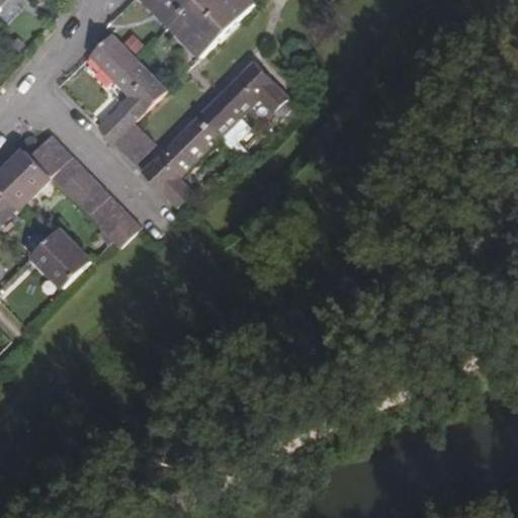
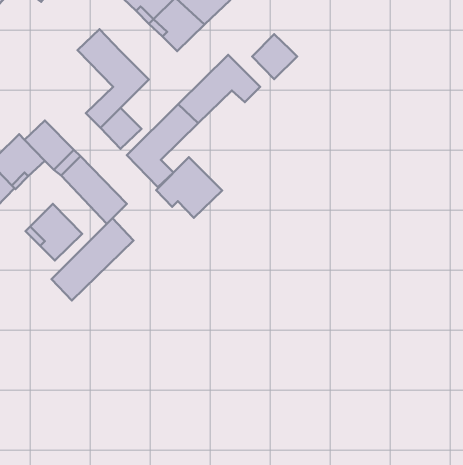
building: none -> [252,34,297,79]
building: none -> [156,157,222,218]
building: none -> [52,218,133,300]

